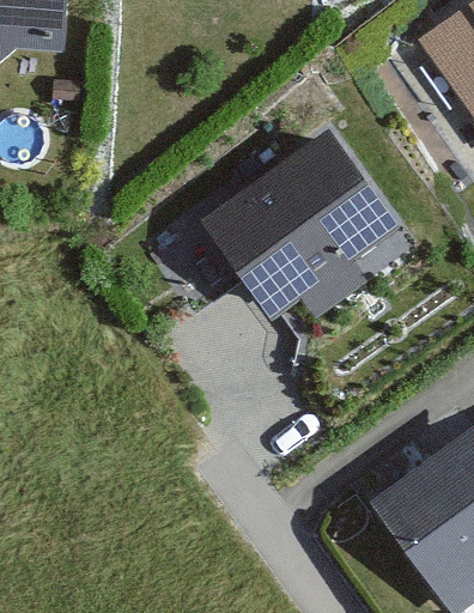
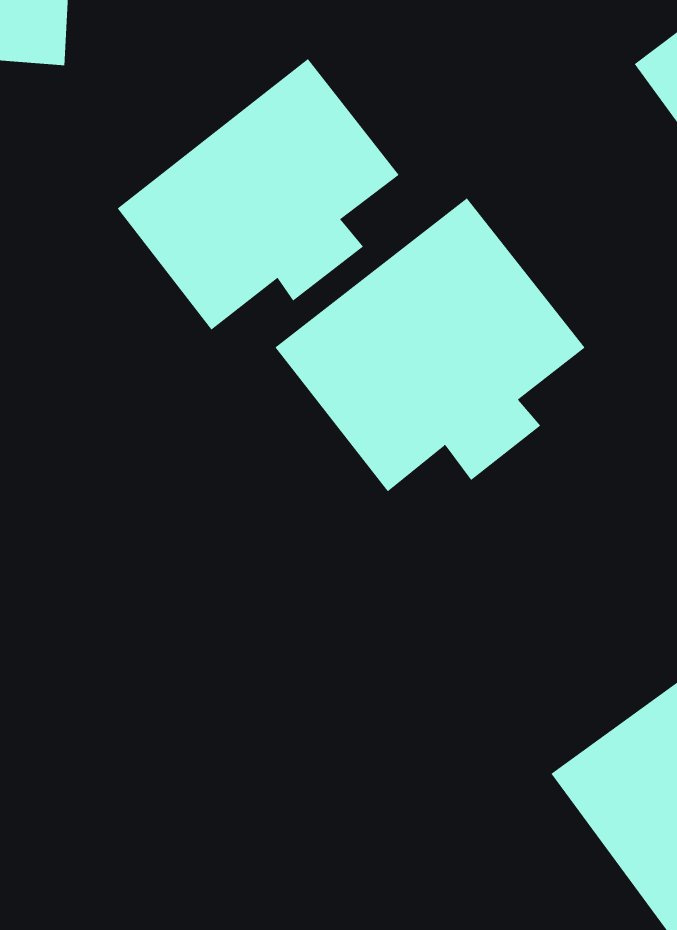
building: none -> [117,58,399,331]

